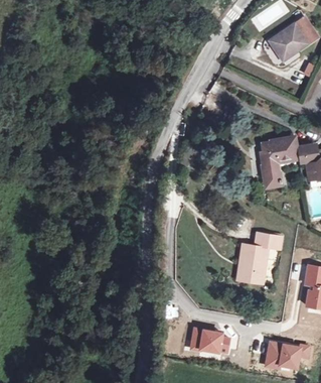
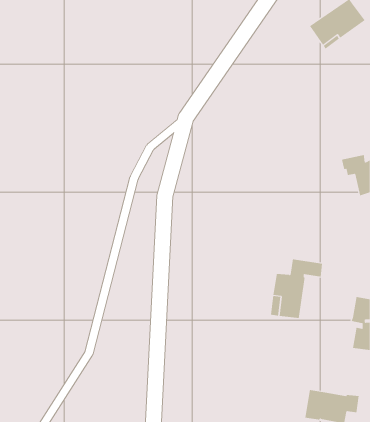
building: [261,139,298,190] -> none
building: [189,327,229,355] -> none

